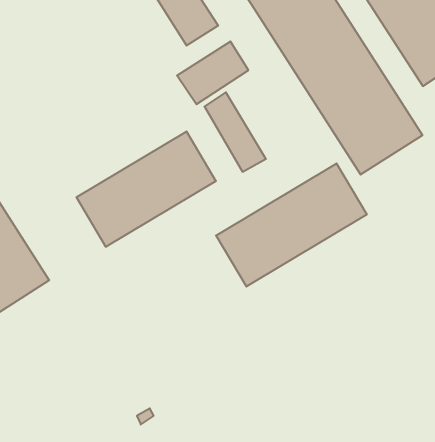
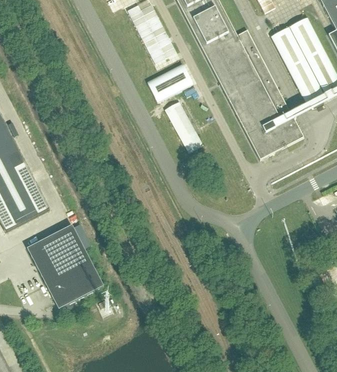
building: [77,131,216,247] -> none
building: [216,163,367,287] -> none
building: none -> [26,224,103,308]

